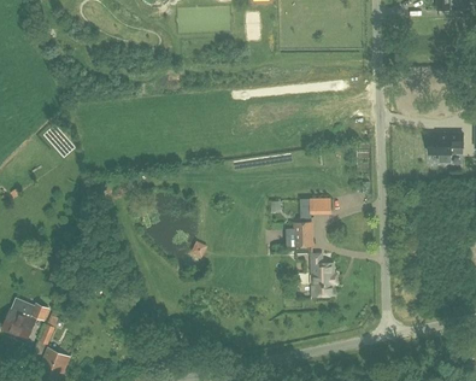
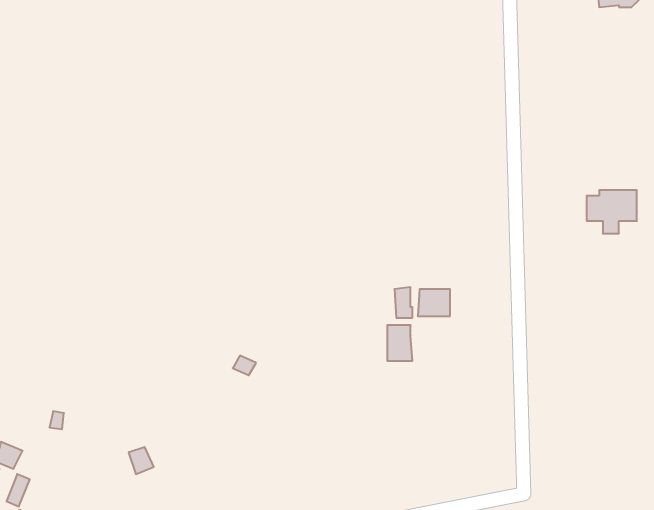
building: [310,254,335,295] -> none

